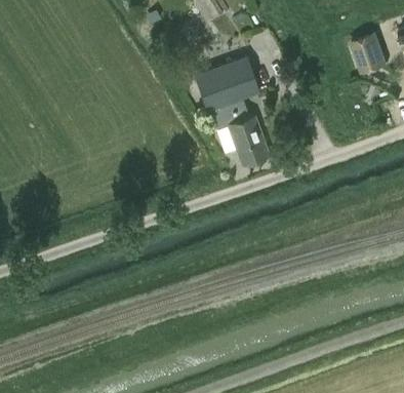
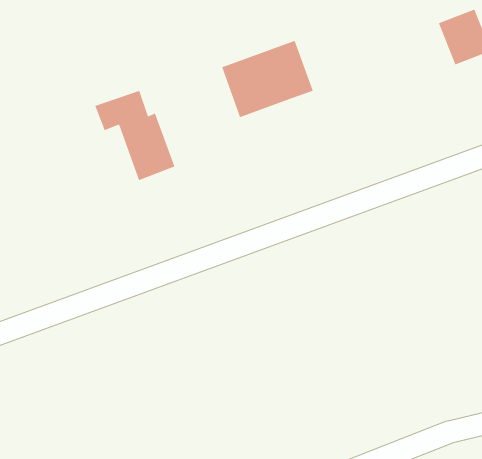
building: [210,101,269,166] -> [94,90,175,181]

